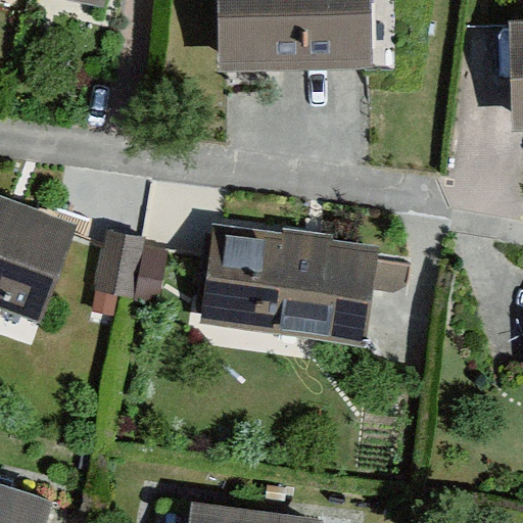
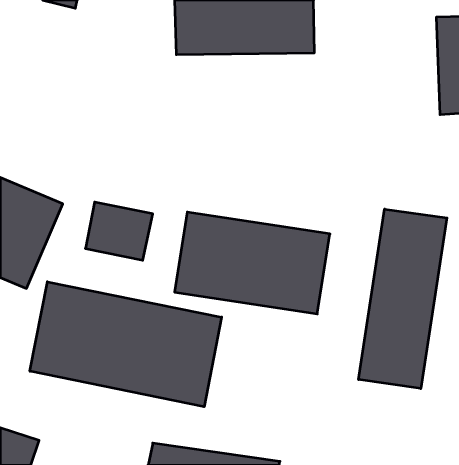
building: none -> [359,209,447,389]
building: none -> [30,282,222,407]

